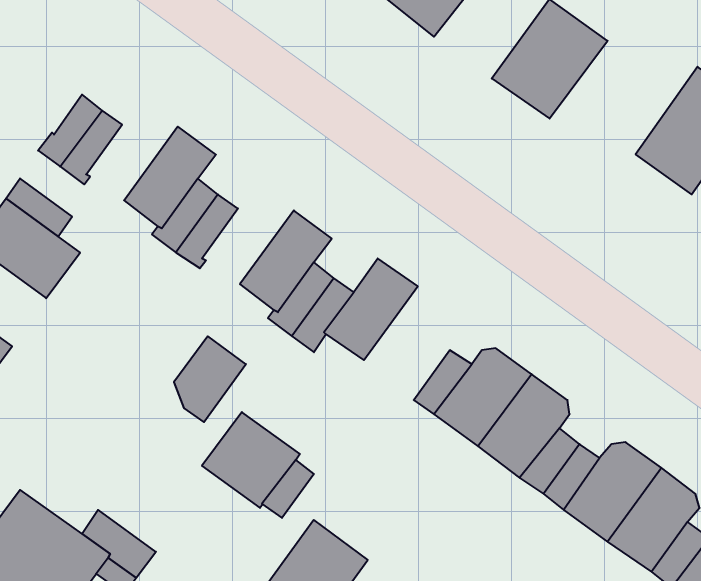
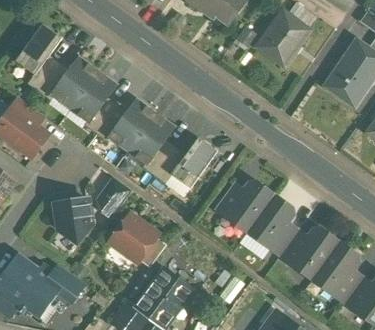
building: none -> [16,24,63,75]
building: none -> [52,58,98,108]
building: none -> [110,100,156,150]
building: none -> [56,199,92,242]

